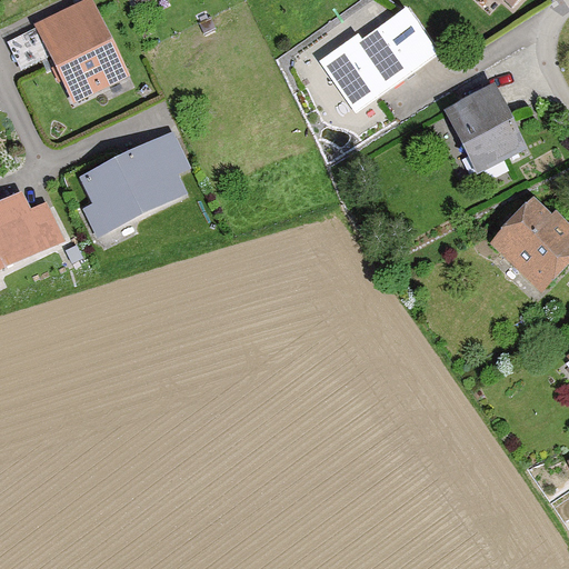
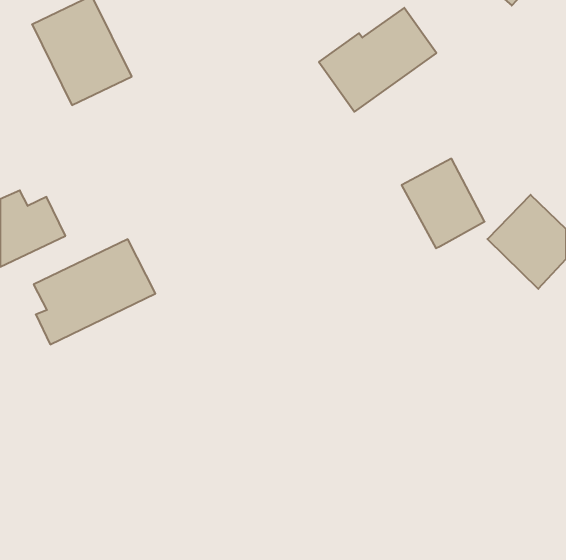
building: [442,80,526,170] -> [402,159,485,248]
building: [79,129,201,234] -> [34,239,155,344]

